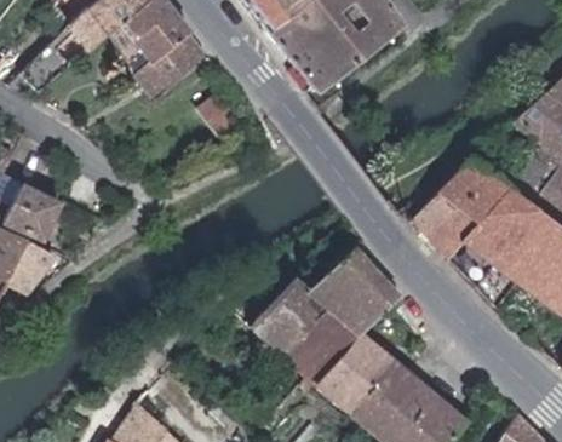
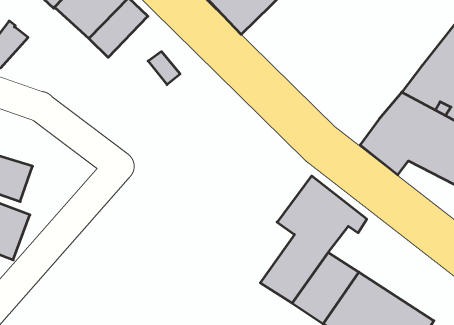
building: [256,281,333,357] -> none

